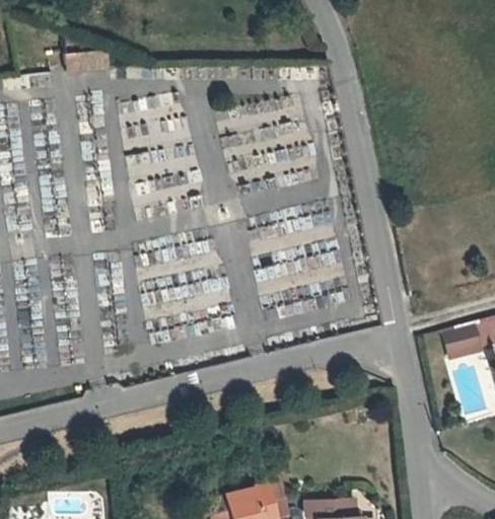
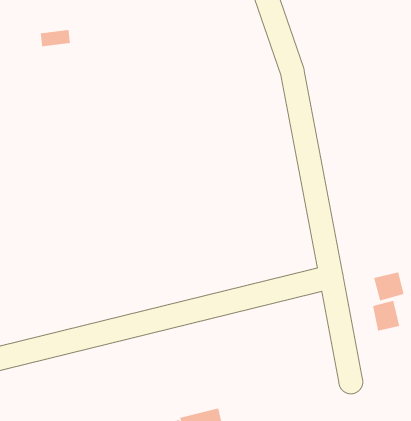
building: none -> [372,300,400,331]

